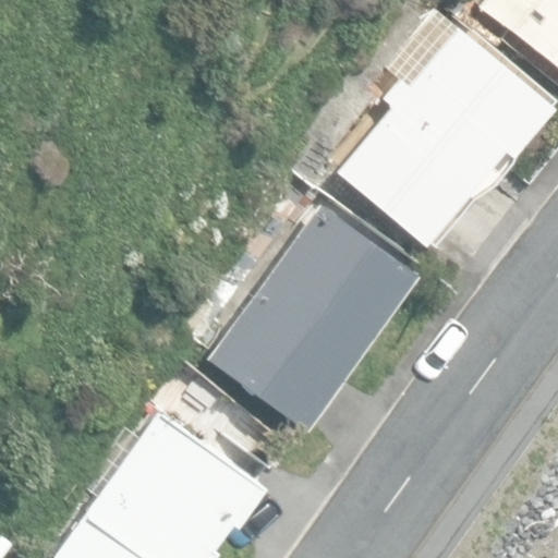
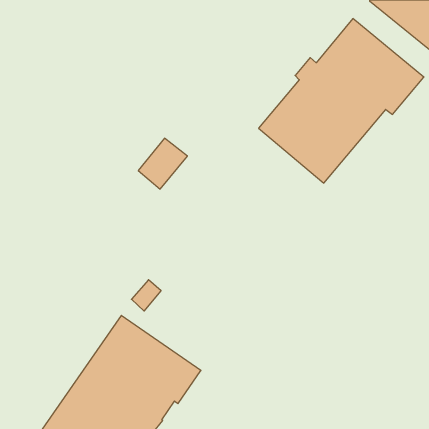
building: [209,205,414,429] -> none

